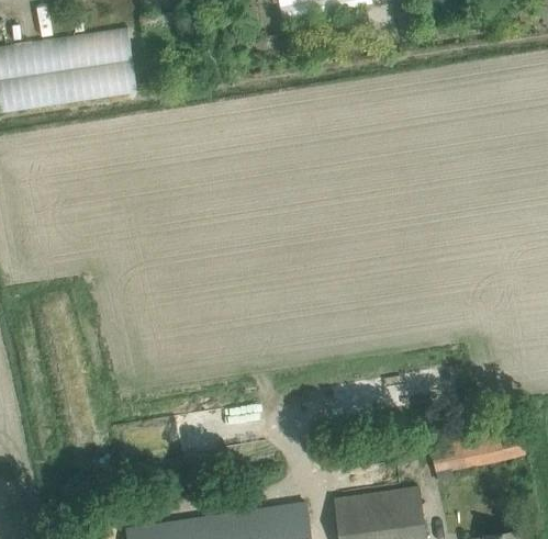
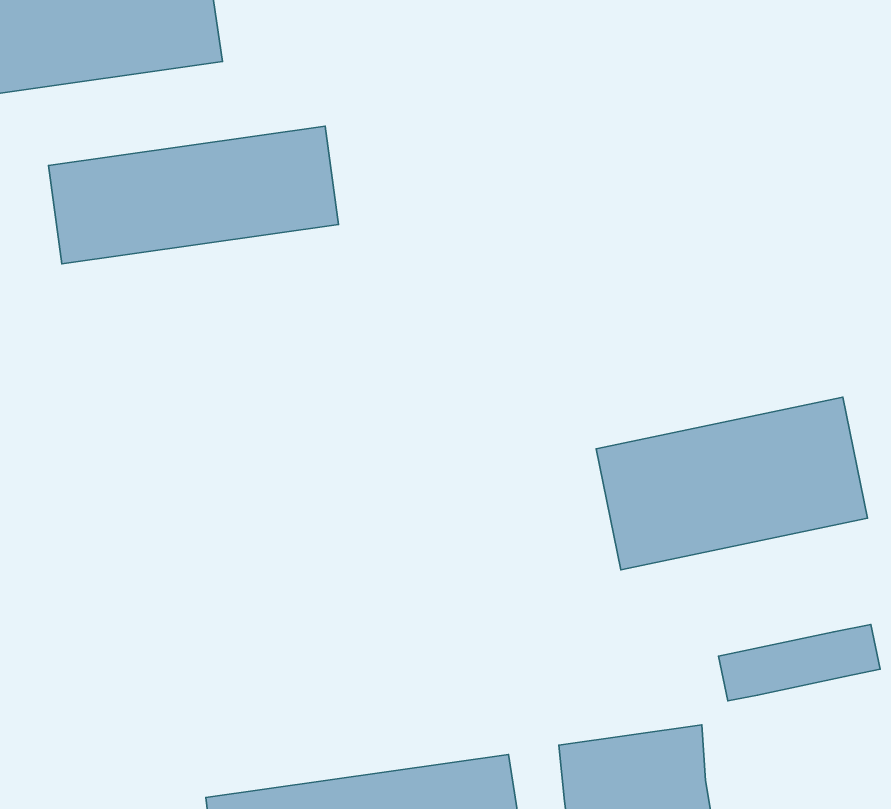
building: none -> [49,126,339,264]
building: none -> [596,397,868,570]

